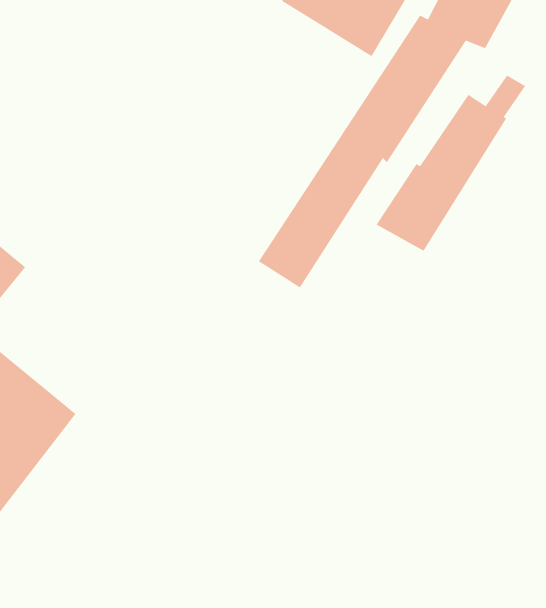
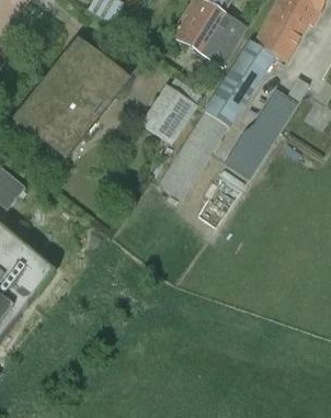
building: none -> [16,44,124,150]
building: none -> [139,82,197,143]

